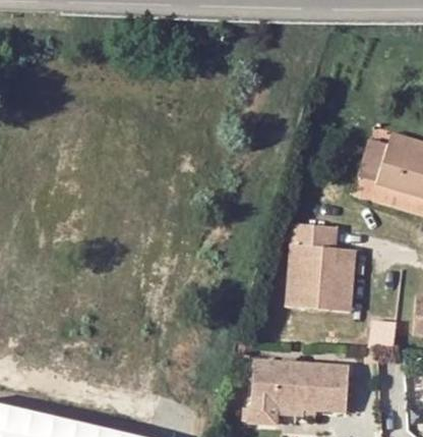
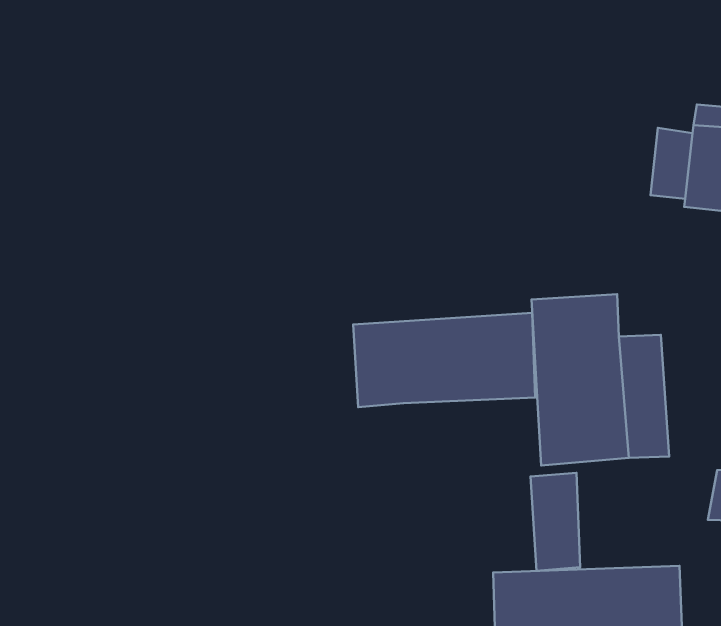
building: none -> [353,313,535,407]
building: none -> [531,473,580,571]

